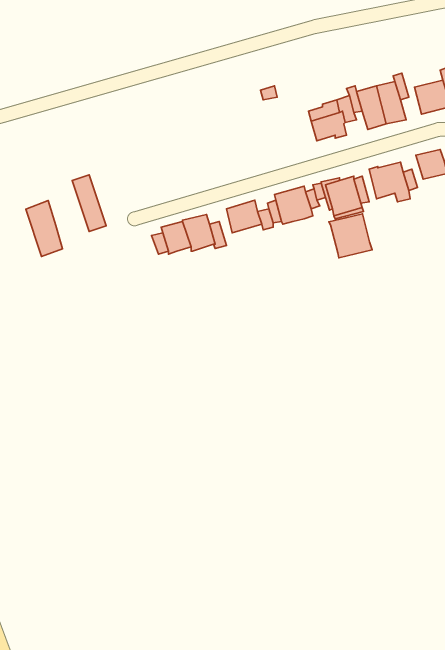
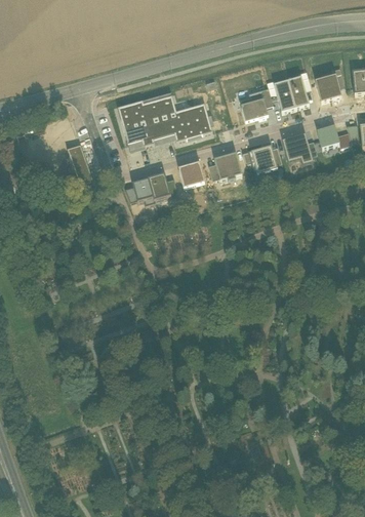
building: none -> [117,95,211,149]
building: [26,201,63,257] -> none
building: [329,214,372,258] -> none

